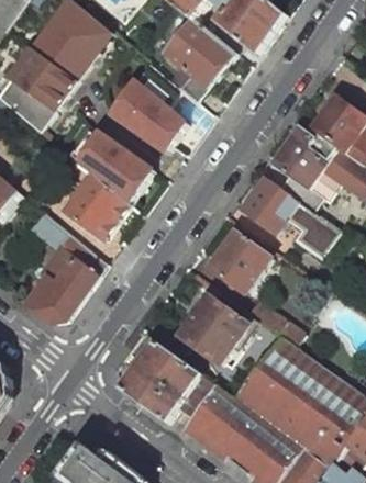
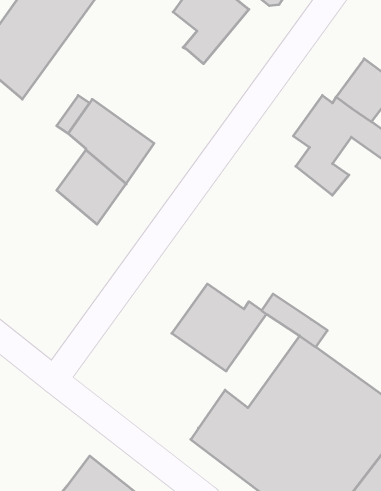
building: [112,63,186,153] -> none
building: [235,180,333,258] -> none
building: [25,210,111,323] -> none
building: [207,228,273,295] -> none
building: [121,342,214,423] -> none

